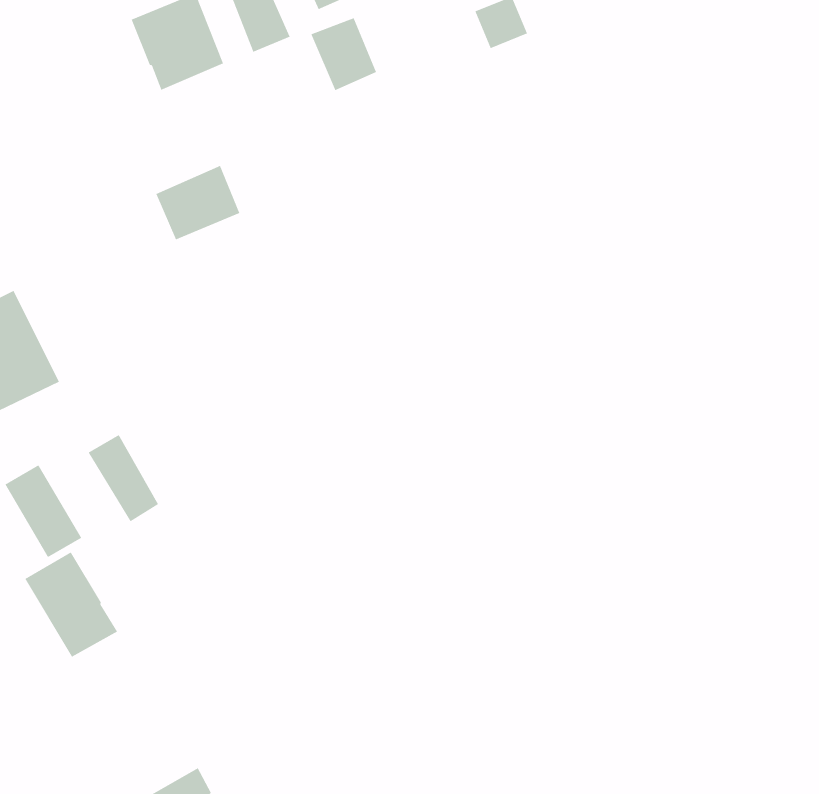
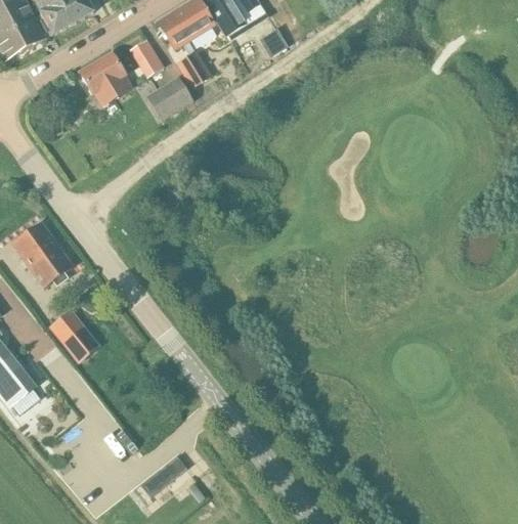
building: [155,165,240,240] -> [146,76,192,119]
building: [88,434,159,522] -> none
building: [24,551,118,657] -> none

